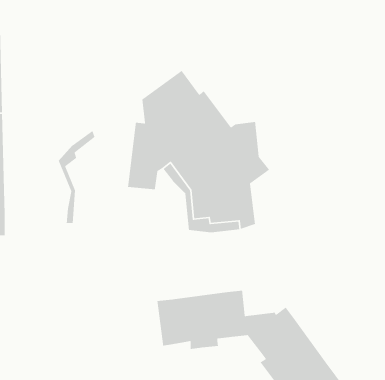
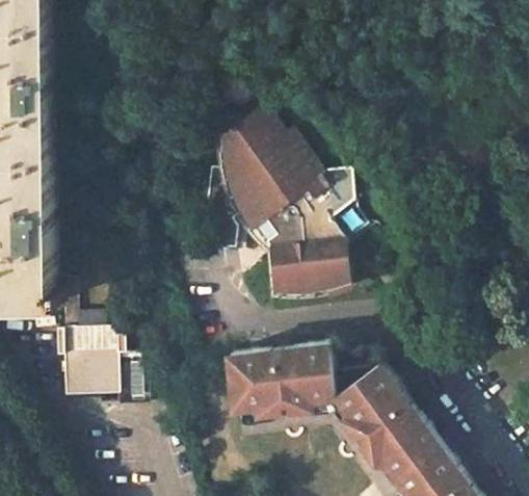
building: [58,130,96,224] -> none
building: none -> [52,266,113,385]

